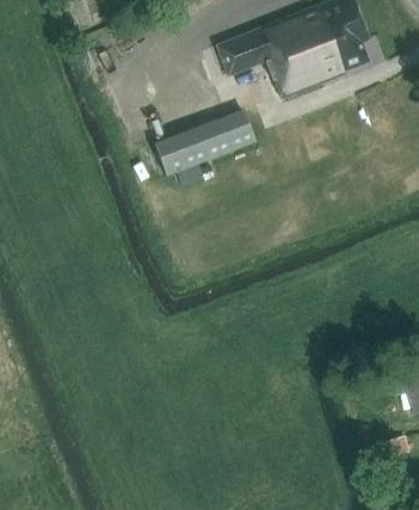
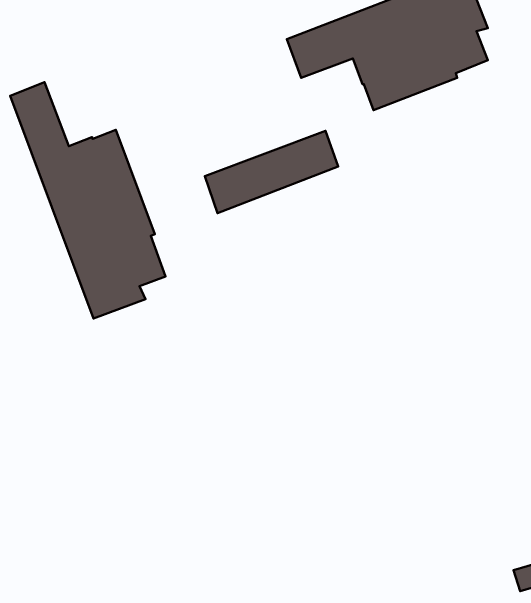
building: none -> [10,82,165,319]

